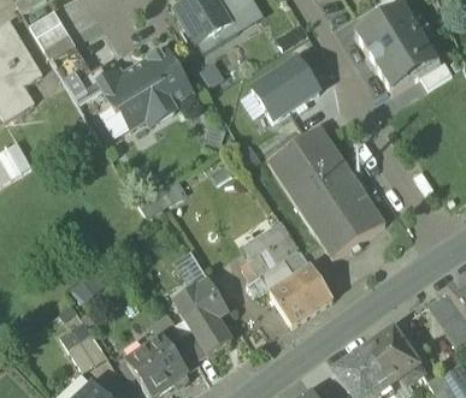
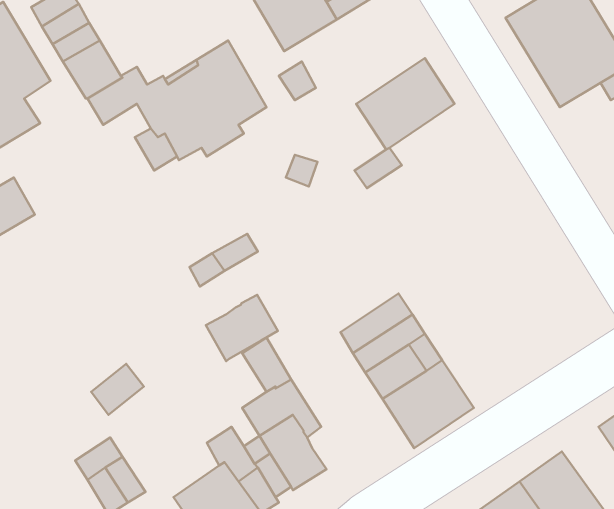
building: [266,125,384,259] -> none
building: none -> [206,295,278,361]

